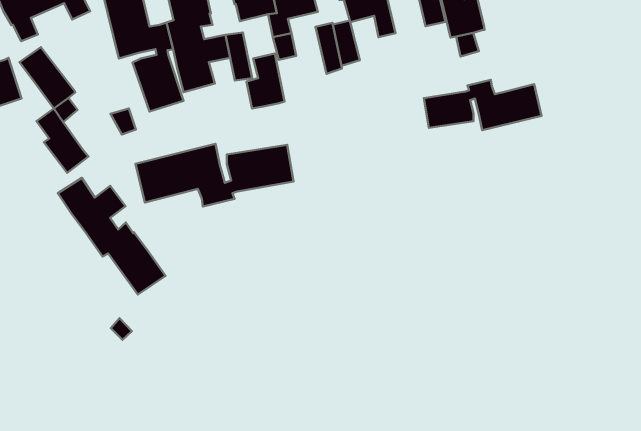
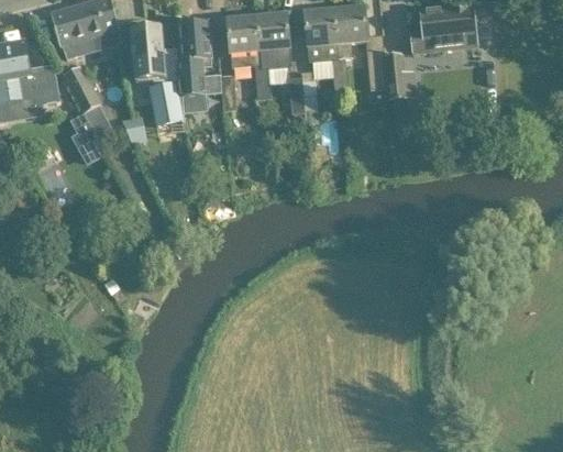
building: [246,53,285,109] -> none
building: [424,80,541,130] -> none
building: [136,144,294,207] -> none
building: [58,178,165,295] -> none

